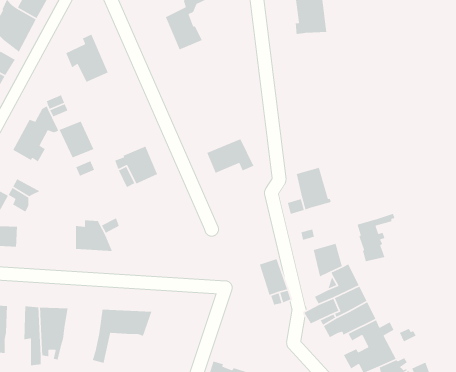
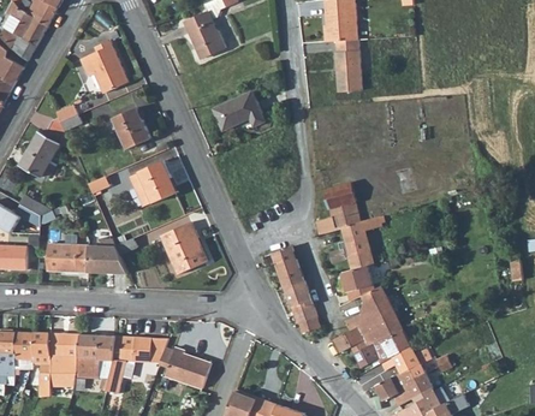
building: none -> [335,38,362,91]
building: [59,120,95,158] -> [112,107,150,148]
building: [206,138,254,174] -> [213,91,264,130]
building: none -> [161,222,206,273]
building: [356,213,396,262] -> [341,215,384,268]
building: none -> [47,244,88,272]
building: none -> [273,246,303,287]
building: none -> [13,332,34,375]
building: none -> [73,334,117,379]
building: none -> [166,347,210,387]

